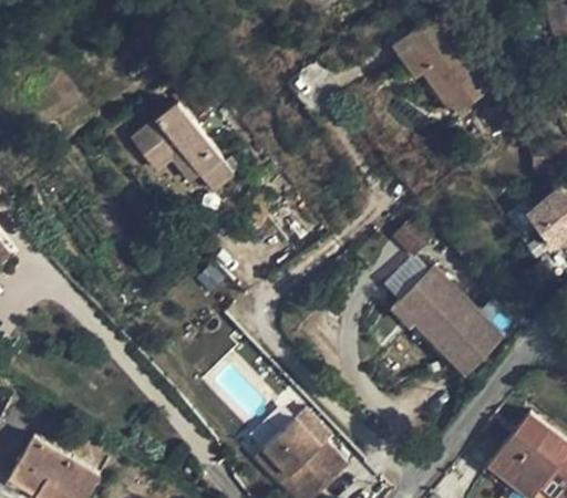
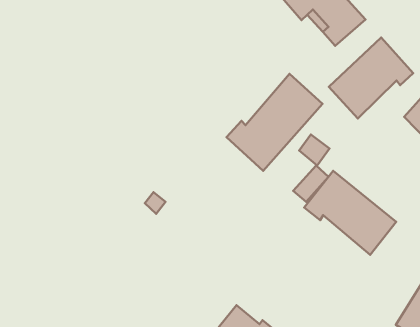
building: [131,104,231,193] -> none
building: none -> [329,38,413,118]
building: none -> [226,74,322,171]

